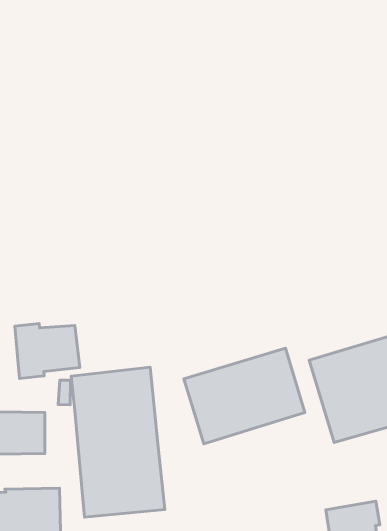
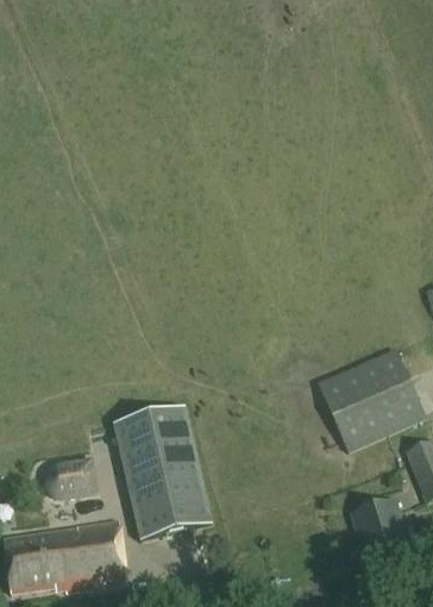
building: [15,324,80,378] -> none
building: [184,348,305,444] -> none

